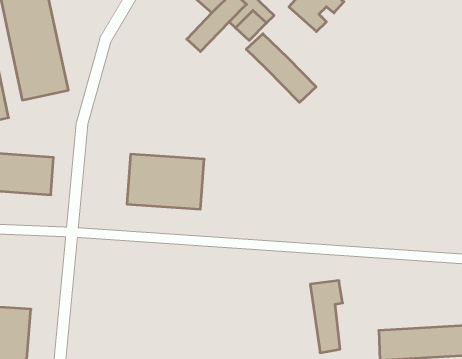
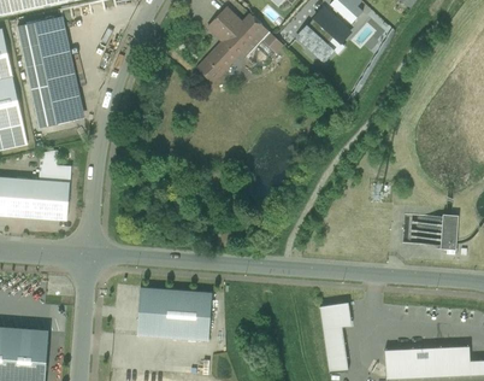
building: [246,34,316,102] -> none
building: [127,154,204,209] -> [135,288,209,341]
building: none -> [402,213,459,250]

